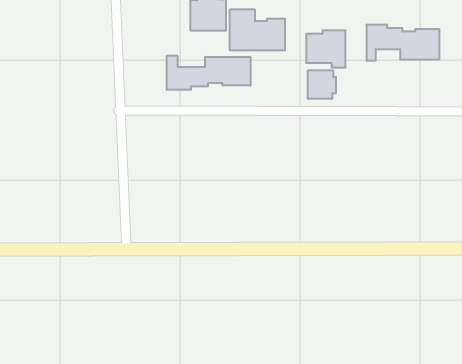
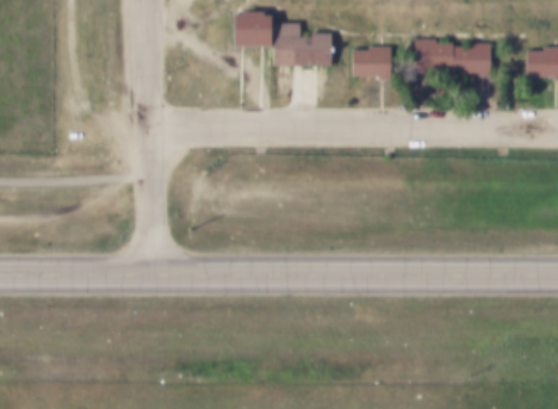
building: [167,56,250,90] -> none
building: [308,70,336,99] -> none

